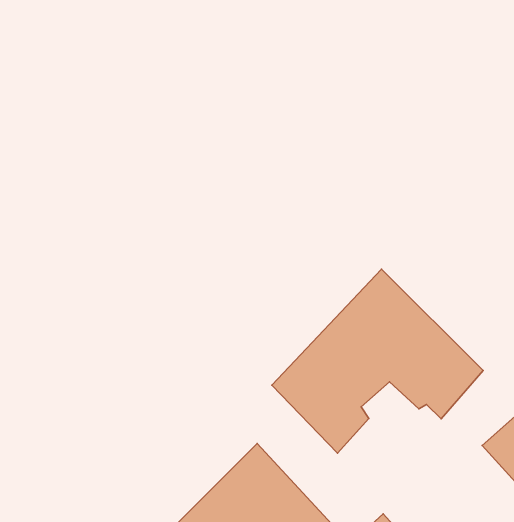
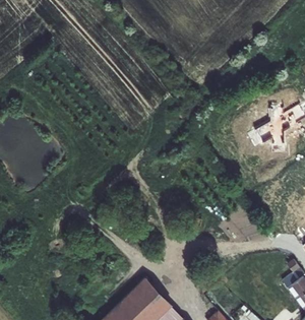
building: [272,269,483,453] -> none

